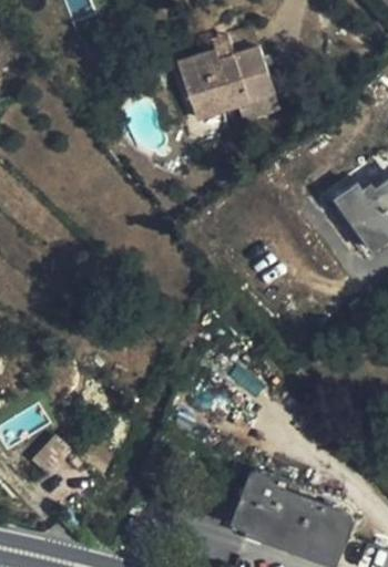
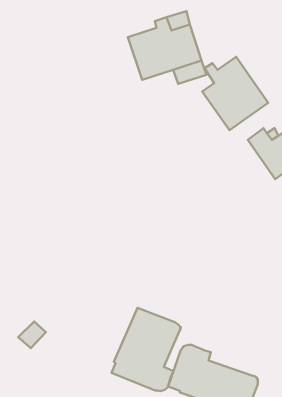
building: none -> [202,57,268,130]
building: none -> [112,308,181,391]

